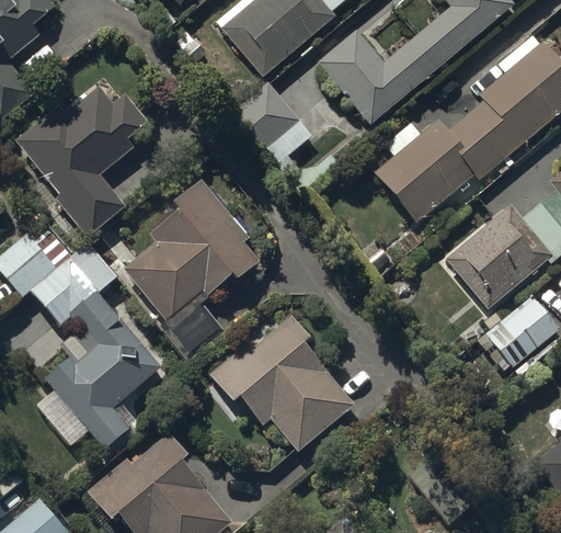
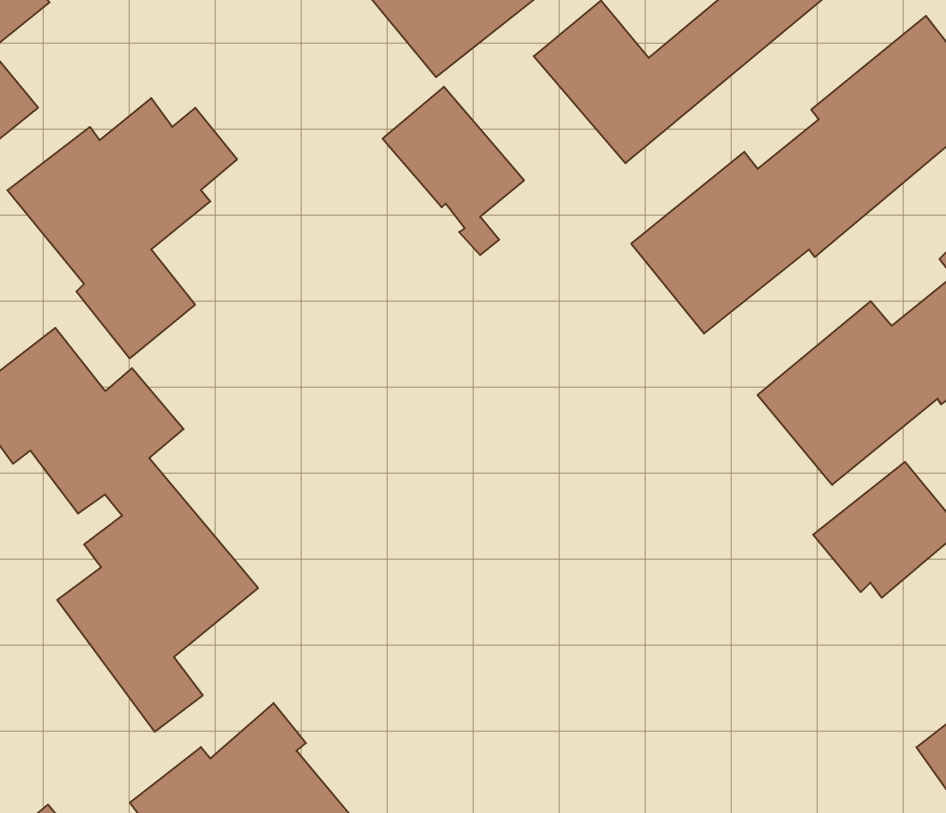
building: [124,181,257,361] -> none
building: [209,317,355,452] -> none

